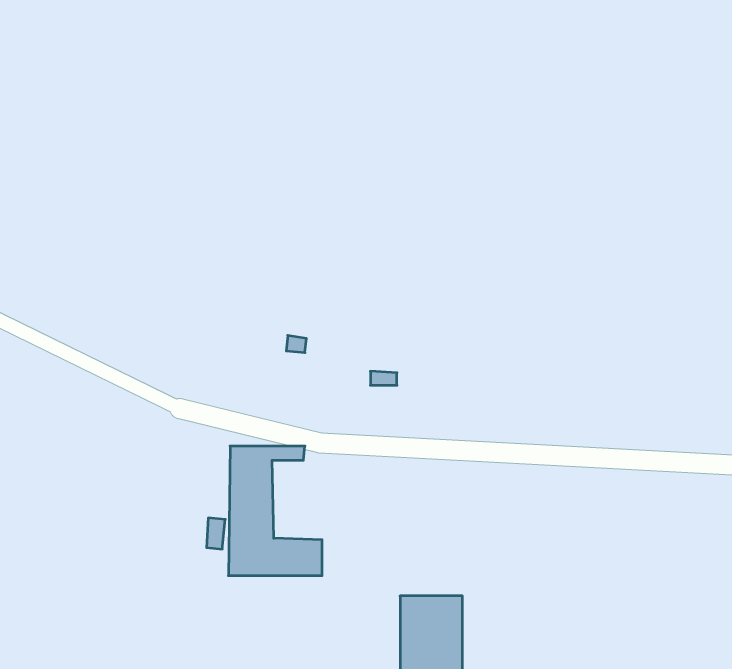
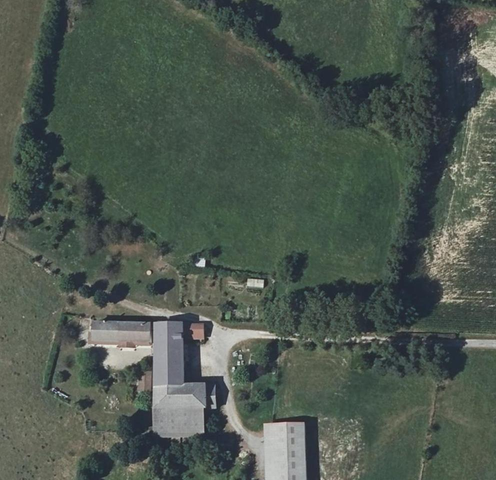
building: none -> [94,323,150,344]
building: none -> [154,409,202,435]

